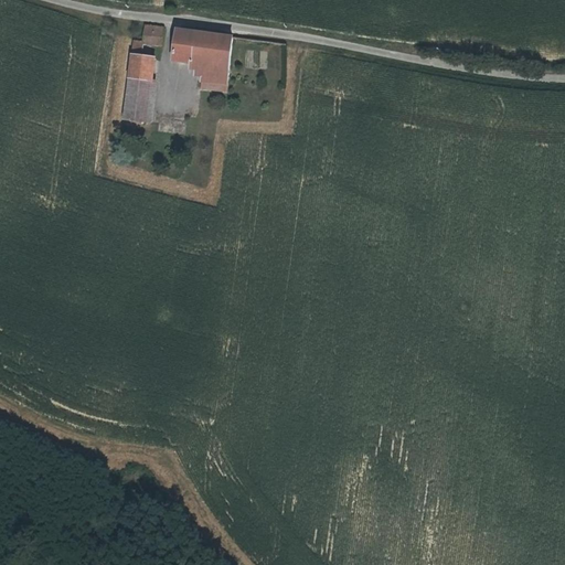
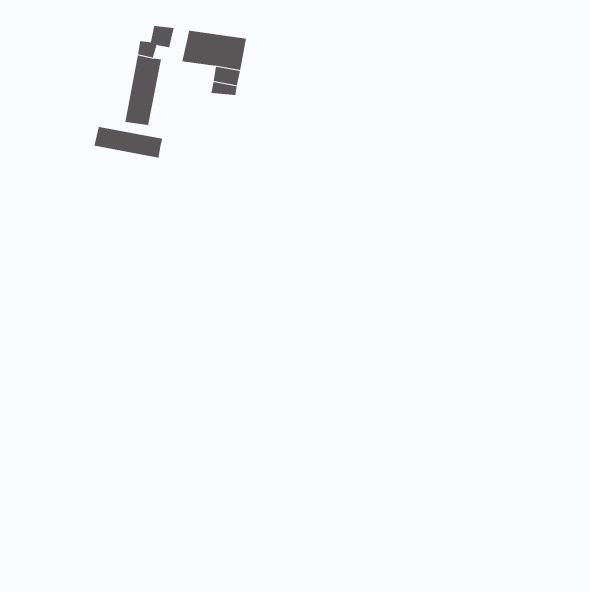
building: none -> [94,126,163,159]

